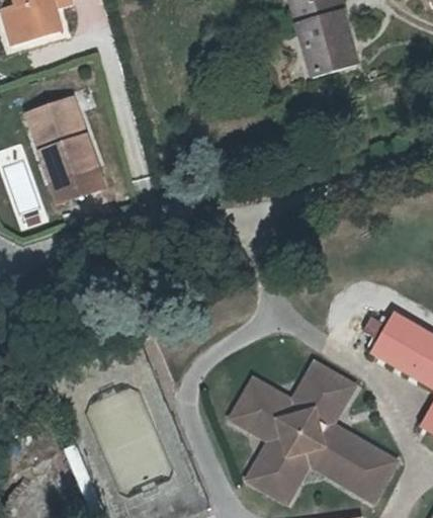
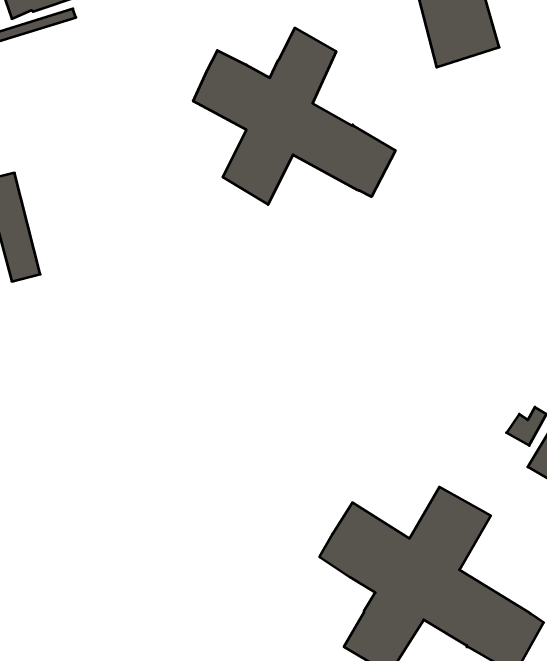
building: none -> [193,28,395,205]
building: [27,99,109,210] -> none

